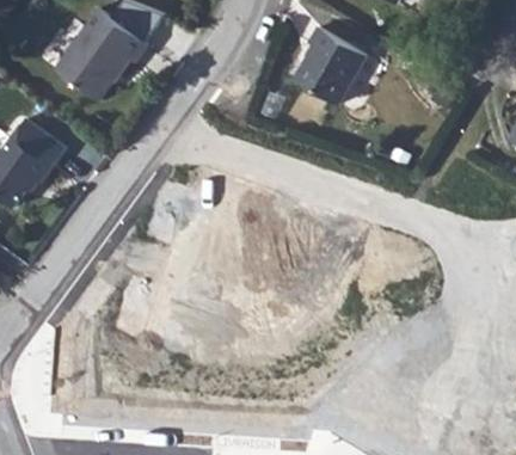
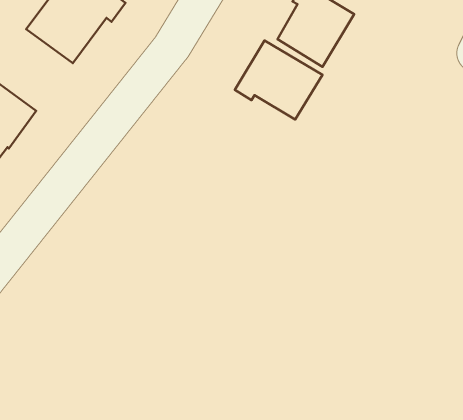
building: none -> [235,41,322,119]

